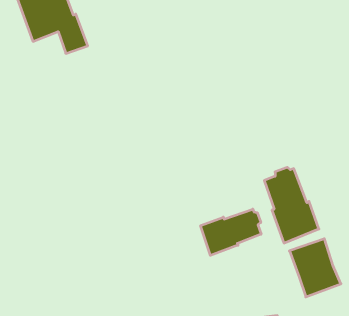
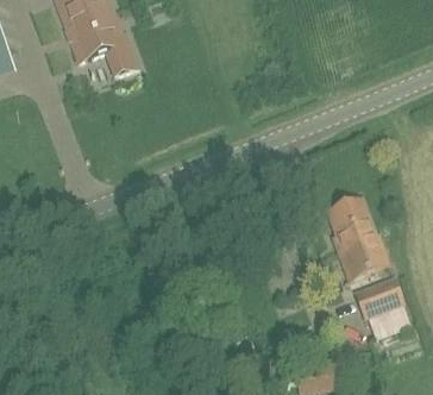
building: [201,209,261,255] -> none

